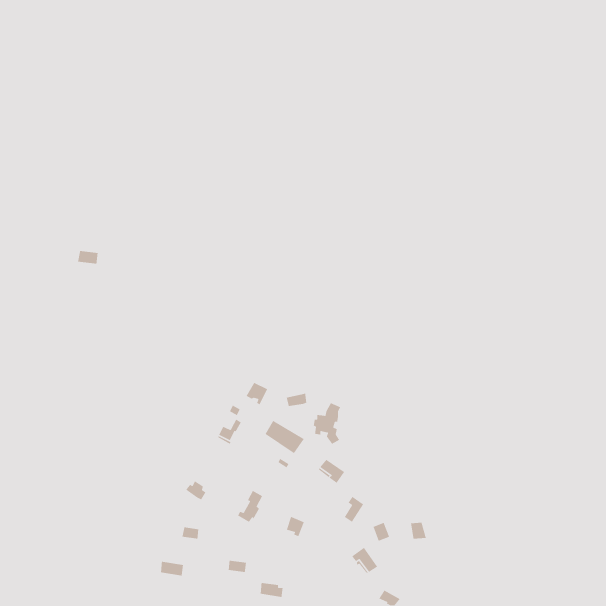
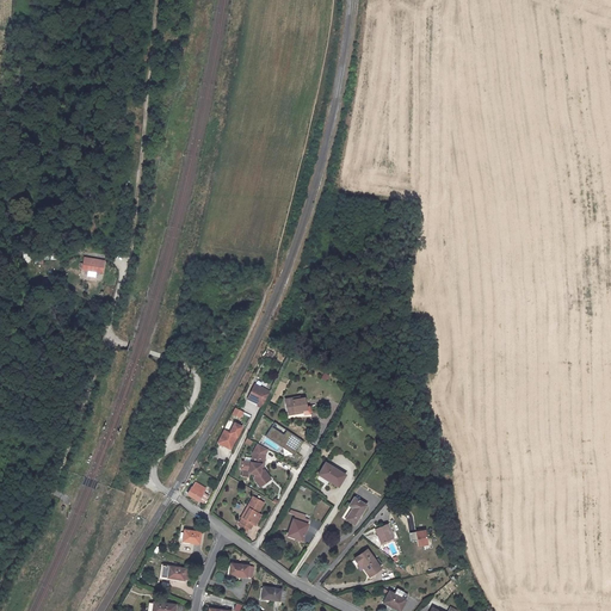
building: [313,402,341,445] -> [241,443,270,486]

